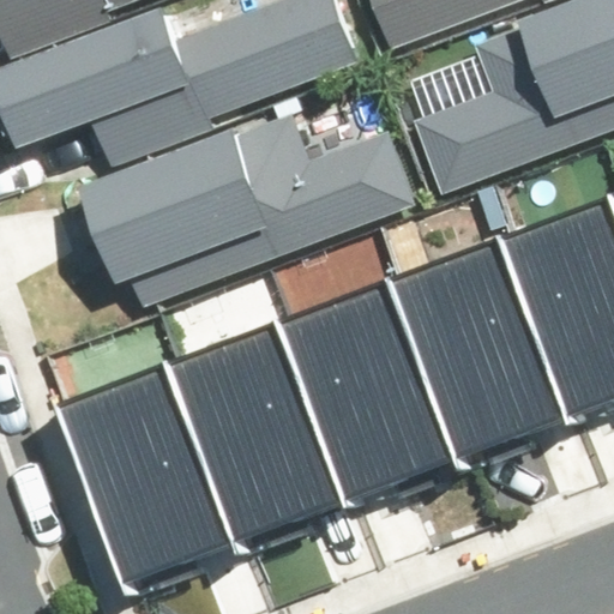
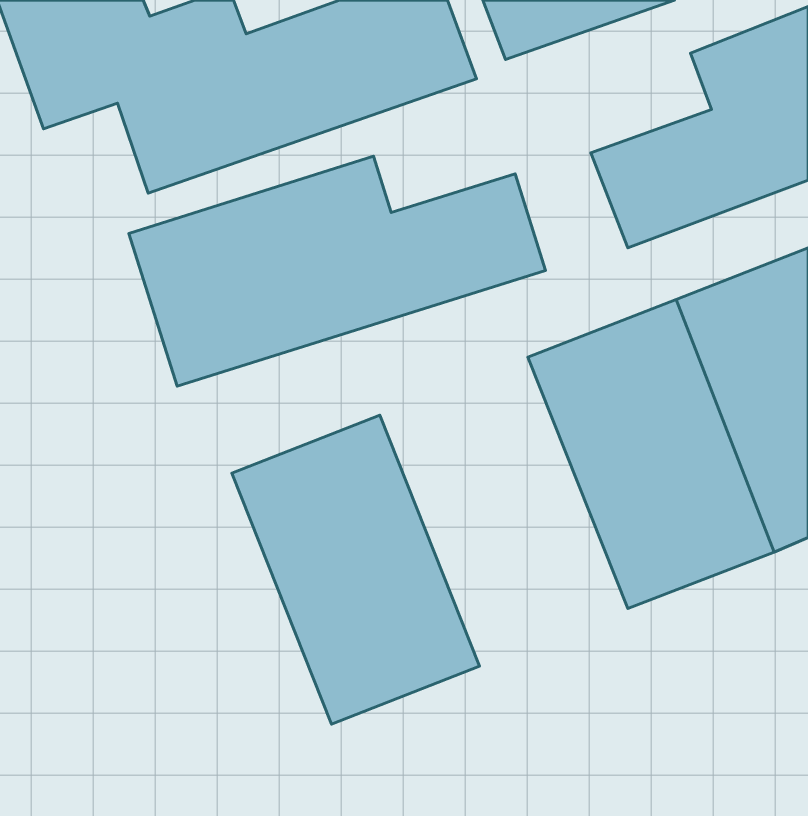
building: [283,271,468,501] -> none
building: [62,357,247,586] -> none

